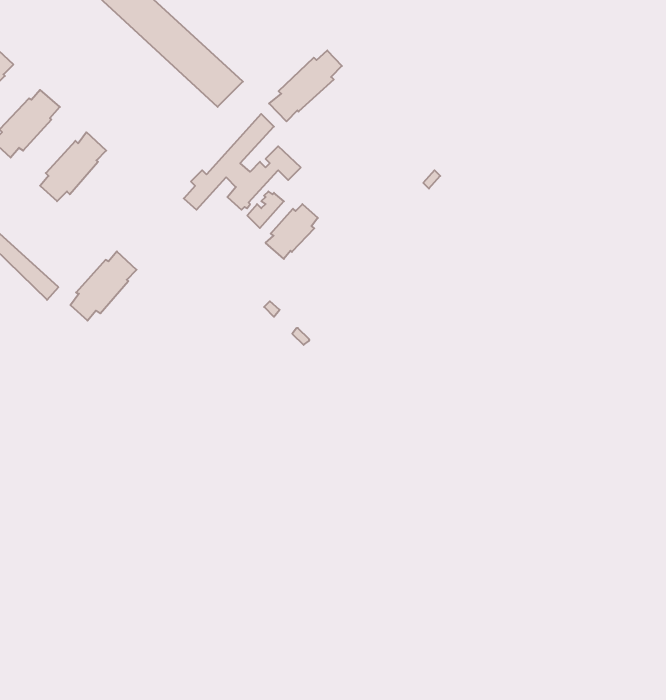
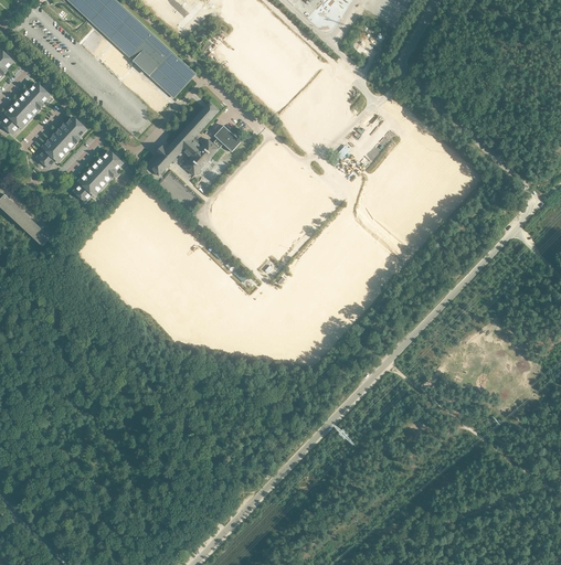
building: [269,50,342,121] -> none
building: [266,204,318,259] -> none
building: [70,251,137,321] -> [71,149,123,203]

